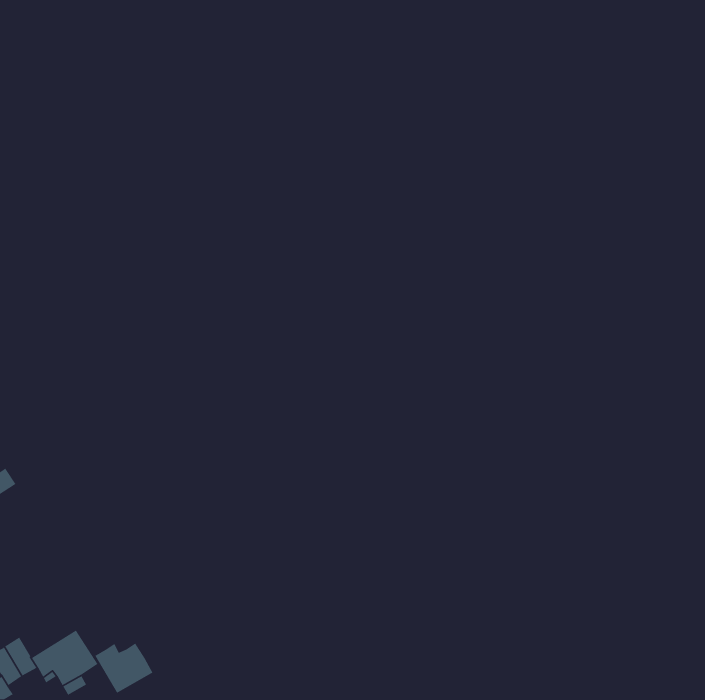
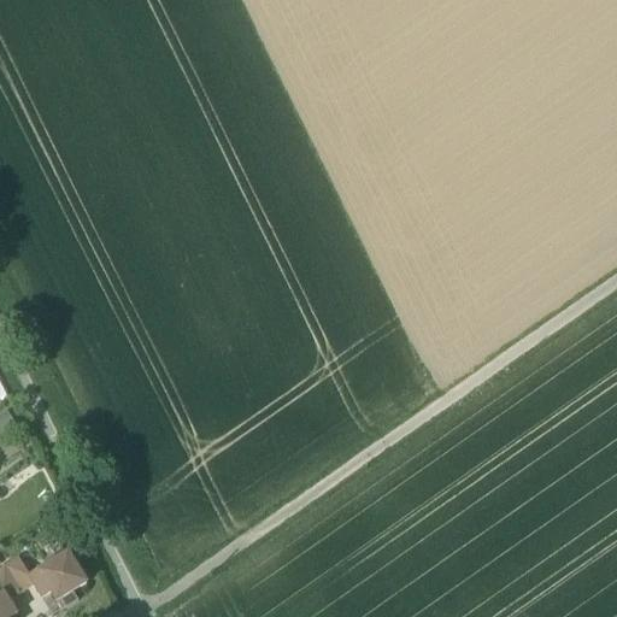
building: [94,643,153,694] -> none

